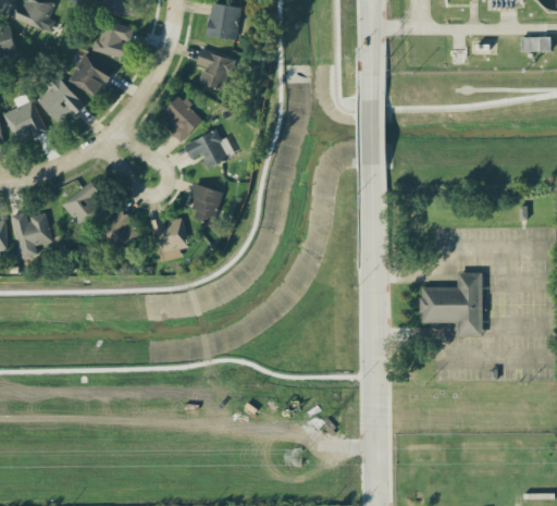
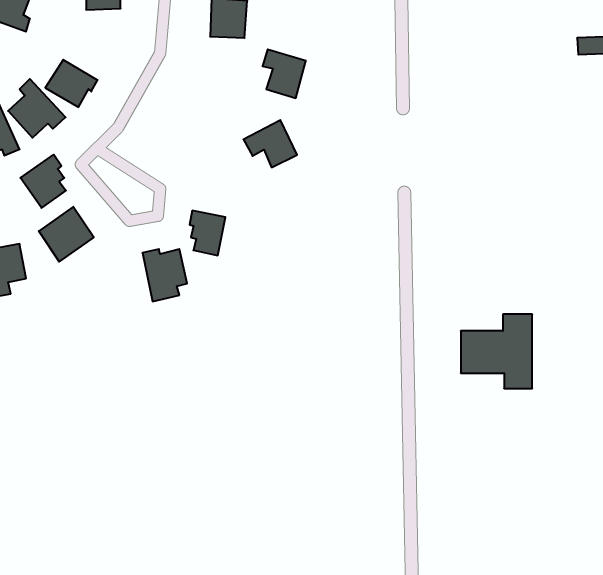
building: [92,20,132,57] -> none
building: [196,49,233,90] -> [262,49,306,98]
building: [162,95,203,141] -> none
building: [184,128,230,169] -> [243,120,297,167]
building: none -> [20,155,66,208]
building: [102,209,138,250] -> none

